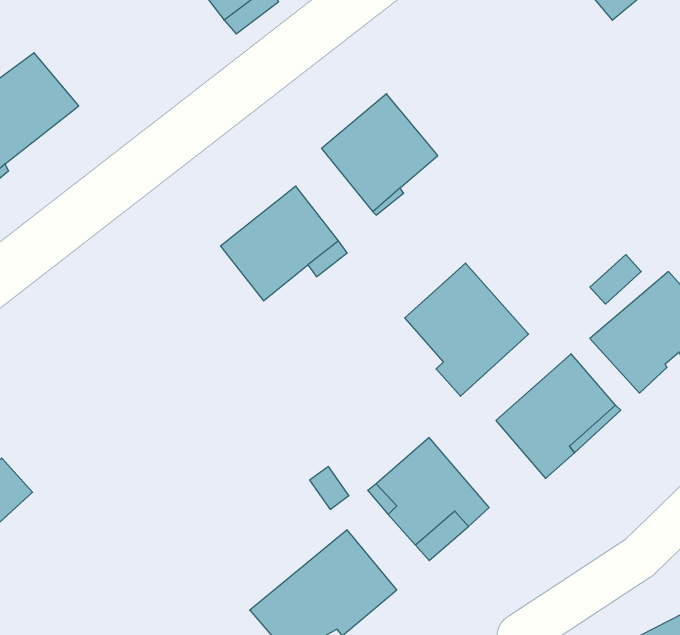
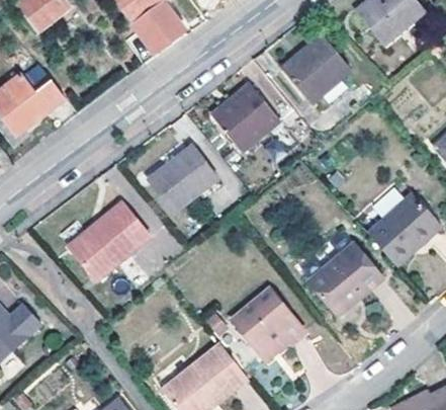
building: none -> [277,37,348,106]
building: [405,263,529,396] -> none
building: none -> [68,202,150,282]

